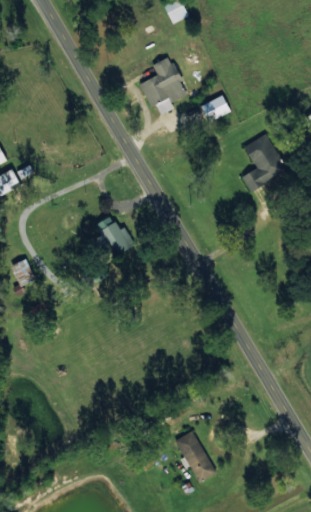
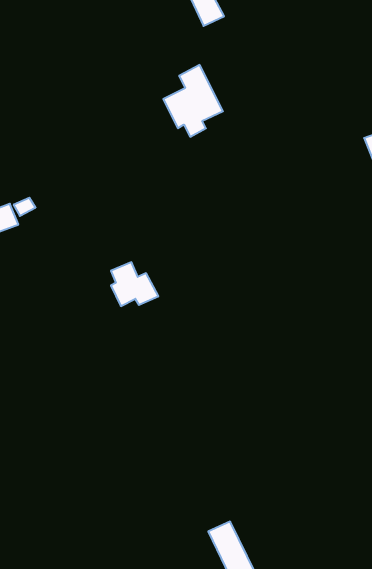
building: [201,96,230,121] -> none
building: [241,133,288,193] -> none
building: [12,259,34,286] -> none

